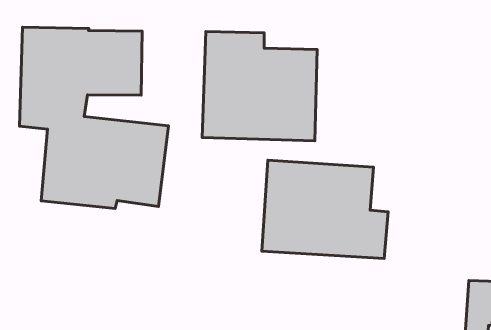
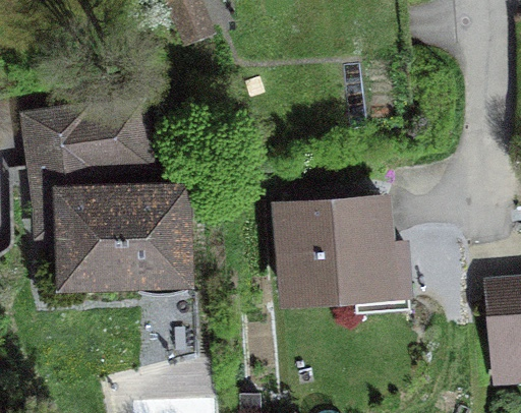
building: [202,32,317,141] -> none

